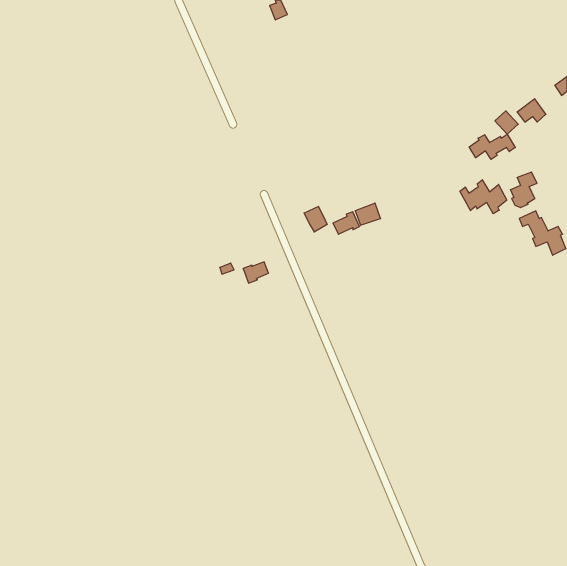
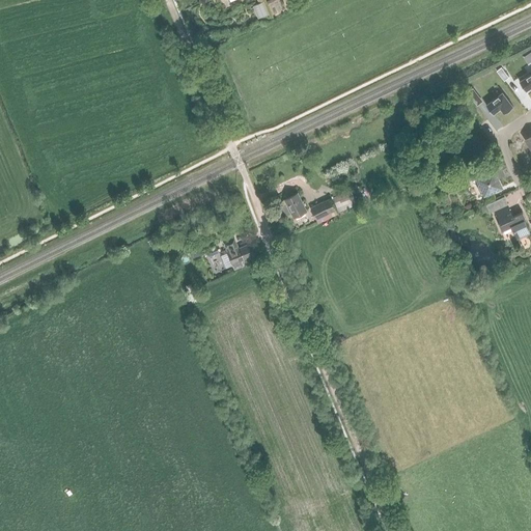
building: [469,134,515,159] -> none
building: [460,180,507,214] -> none

